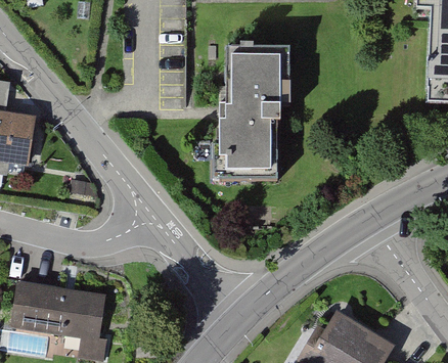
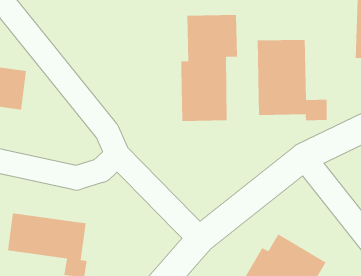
building: none -> [257,39,327,121]

